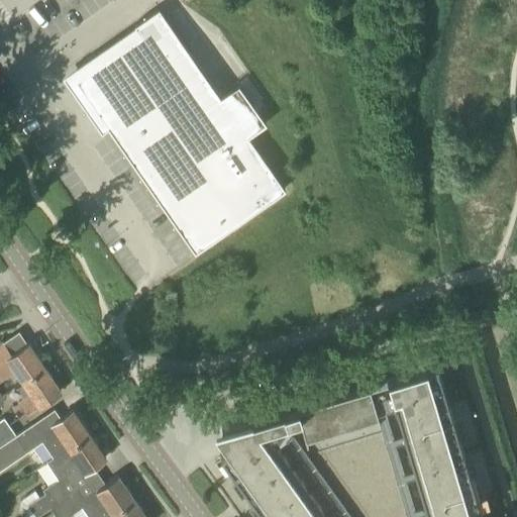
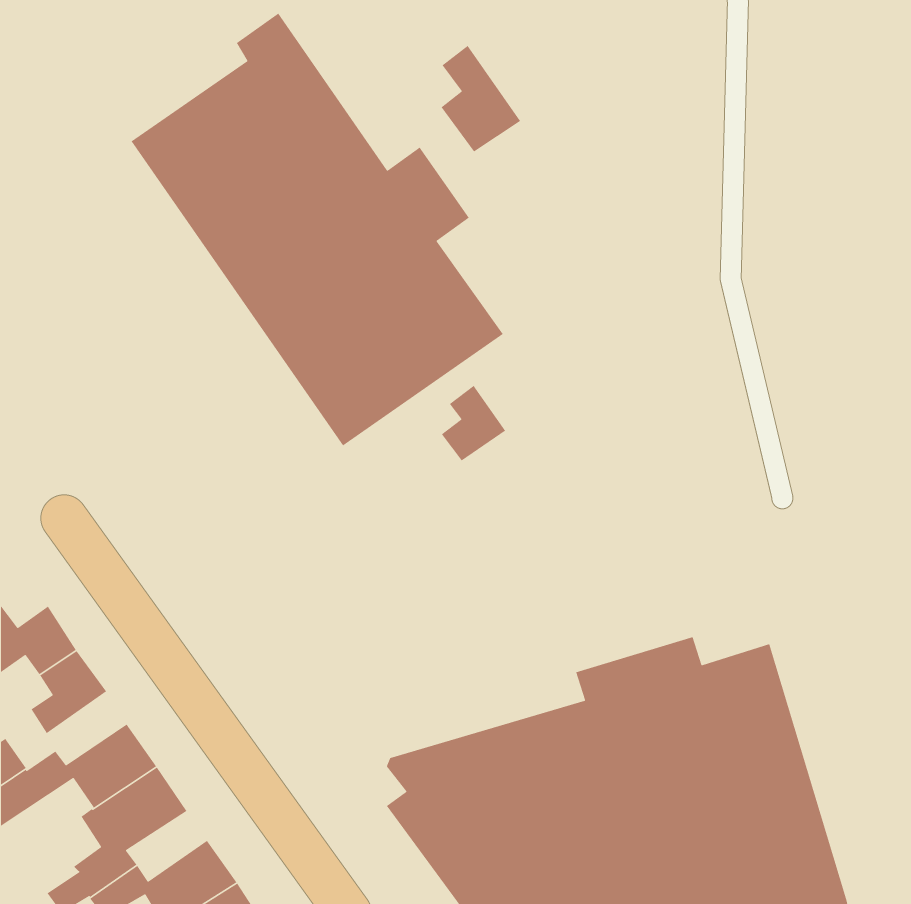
building: none -> [440,45,521,153]
building: none -> [441,385,506,461]

